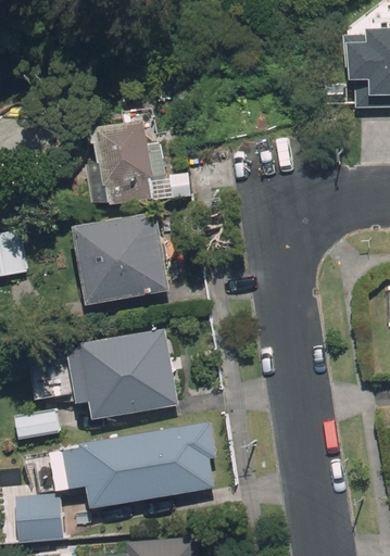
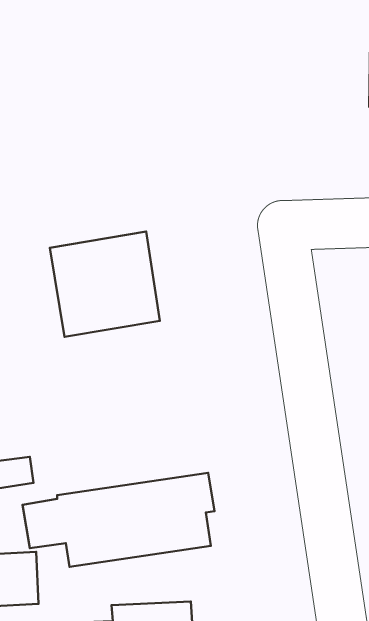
building: [93,121,152,204] -> none
building: [65,328,177,420] -> none

